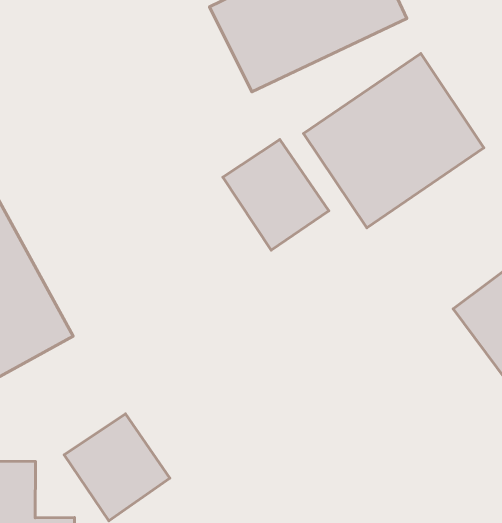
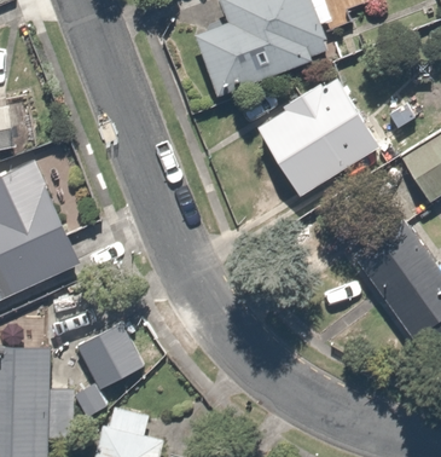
building: [223,139,329,250] -> none

